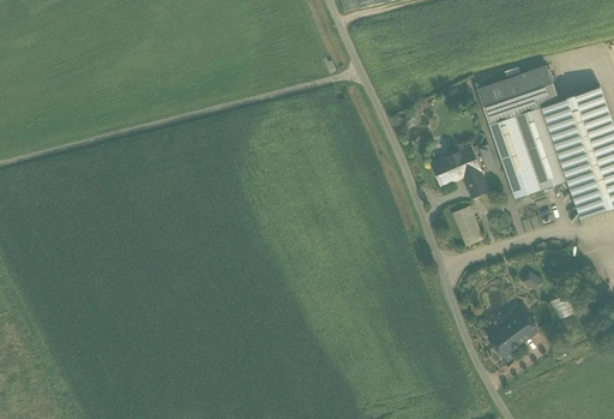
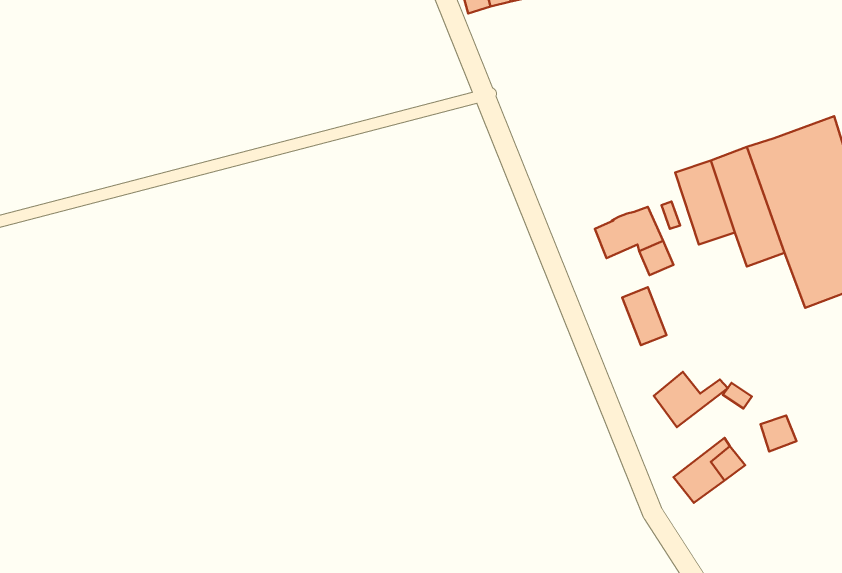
building: [476,65,559,124] -> none
building: [506,166,540,198] -> none
building: none -> [654,372,728,427]

